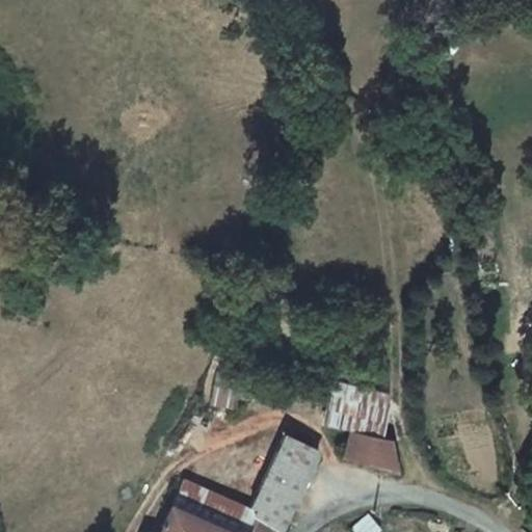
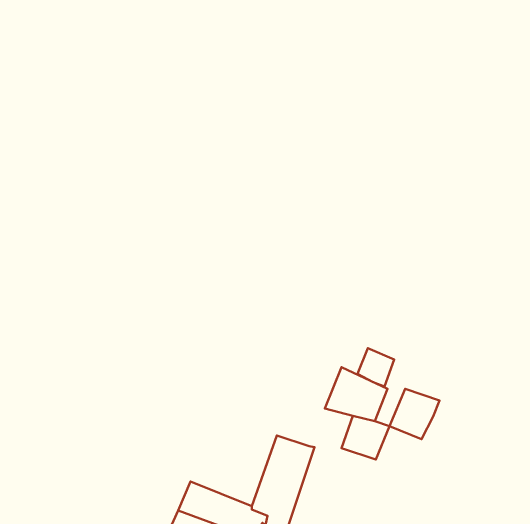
building: none -> [358,348,394,387]
building: none -> [389,389,439,439]

